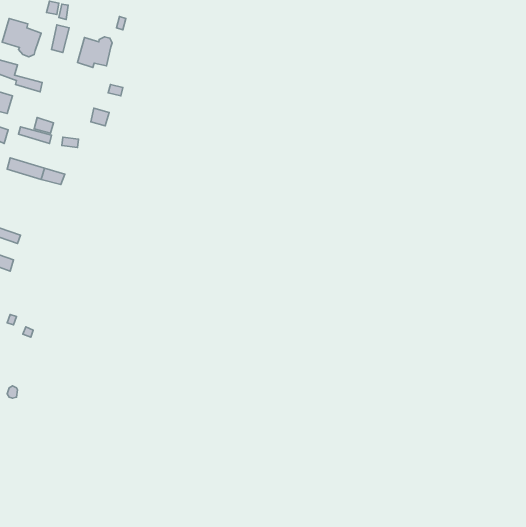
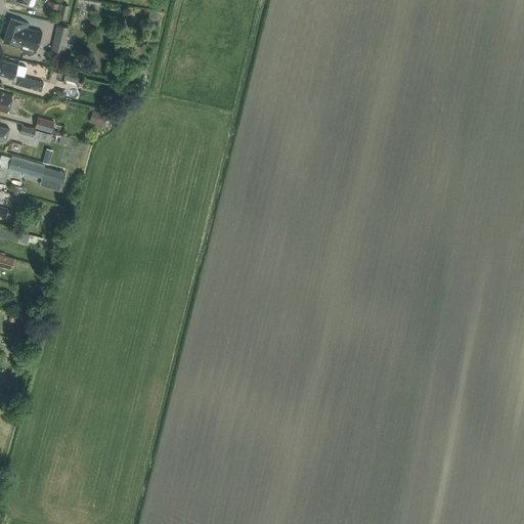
building: [78,37,112,67] -> none

